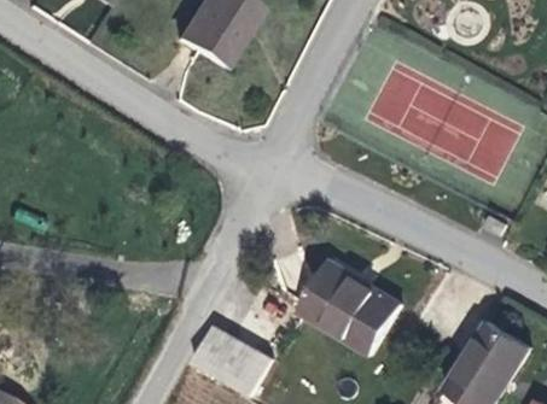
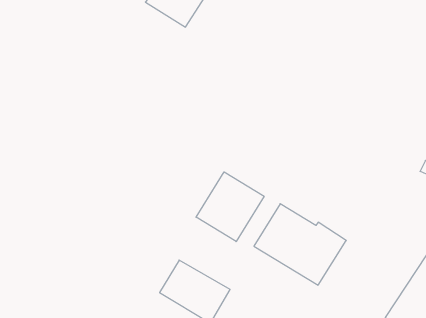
building: none -> [196,172,264,242]

